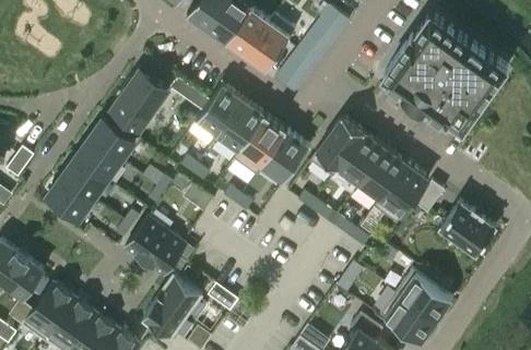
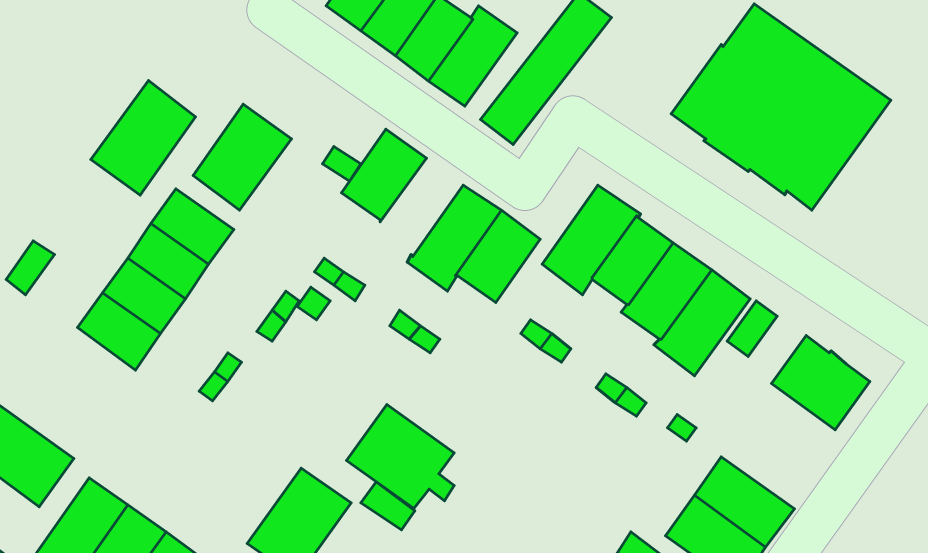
building: none -> [91,81,195,195]
building: [215,100,266,156] -> none
building: [126,216,187,275] -> [346,405,454,509]

